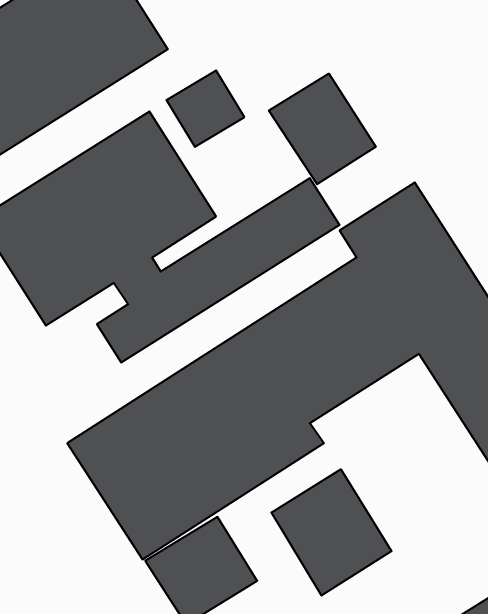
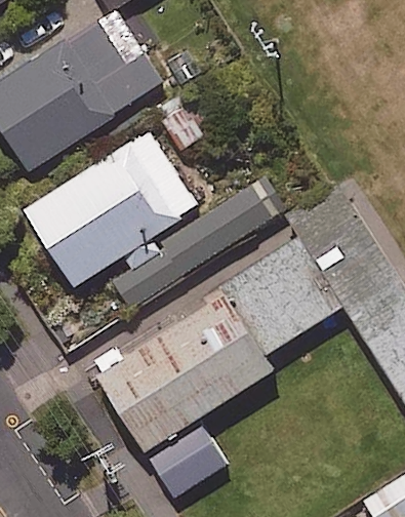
building: [269,74,376,184] -> none
building: [271,469,392,596] -> none

